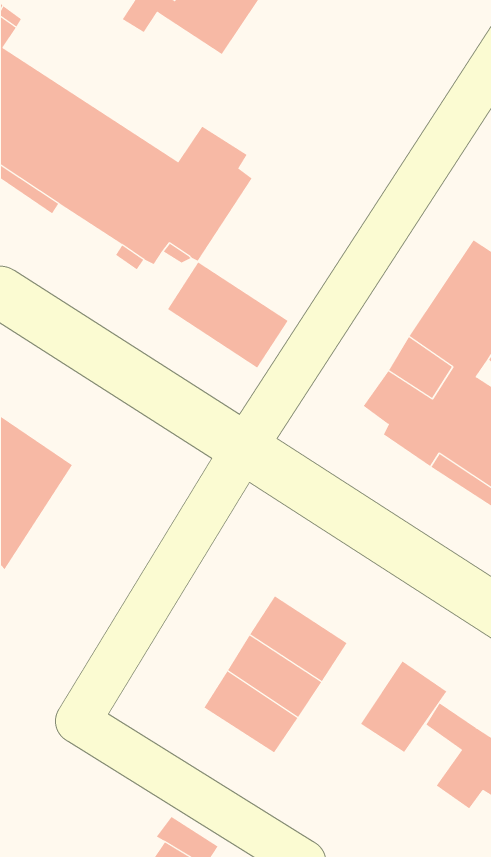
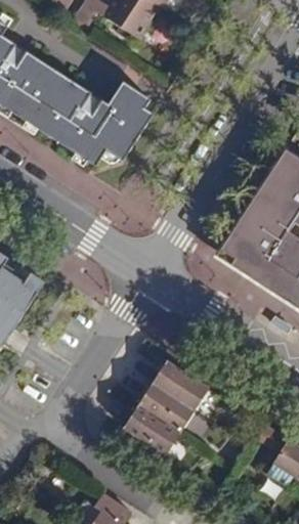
building: [167,262,288,368] -> none
building: [360,660,447,753] -> none

